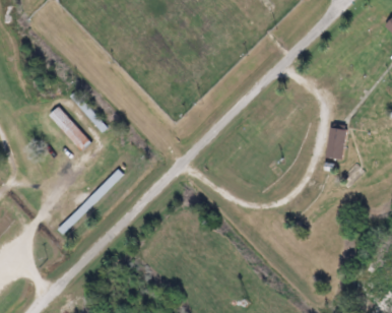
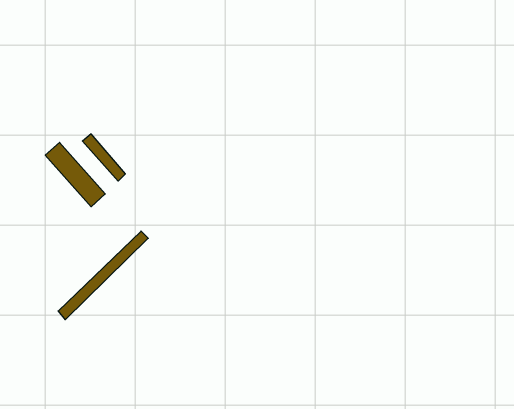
building: [329,128,345,158] -> none

